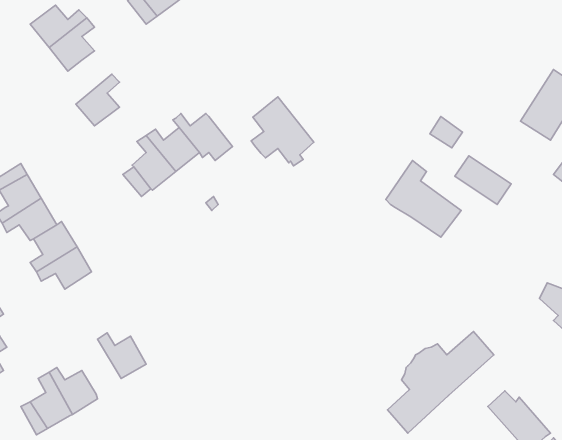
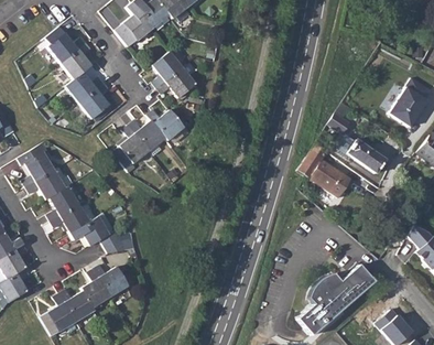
building: none -> [66,72,105,103]
building: [251,97,314,166] -> [152,51,196,99]
building: none -> [72,213,128,252]
building: none -> [82,268,111,306]

